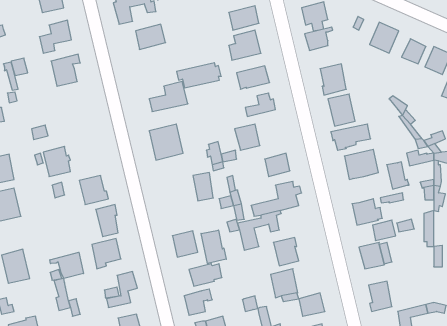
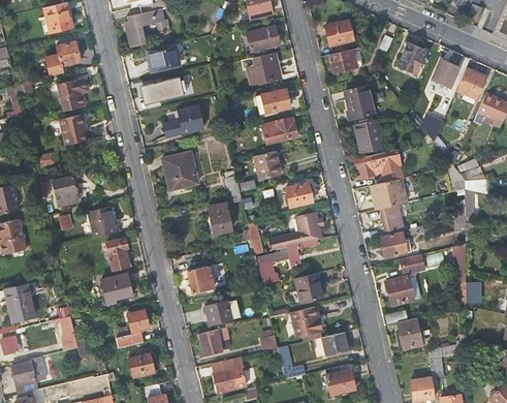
building: [177,63,221,88] -> [139,76,187,103]
building: none -> [62,114,87,145]
building: [387,162,409,189] -> [380,206,404,235]
building: [201,230,226,264] -> none
building: [50,252,83,278] -> none

